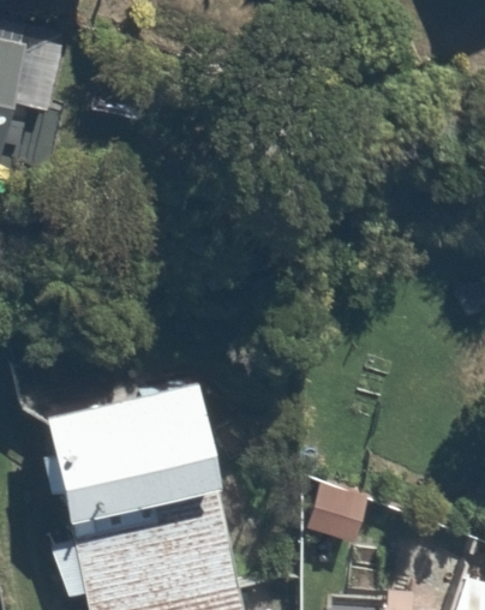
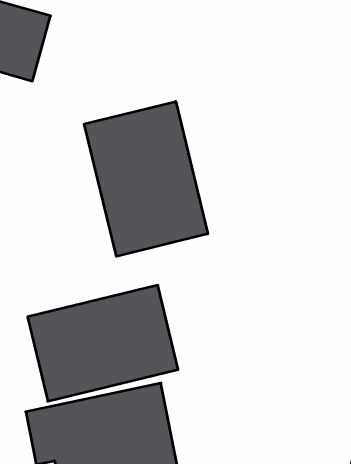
building: none -> [84,101,208,256]

